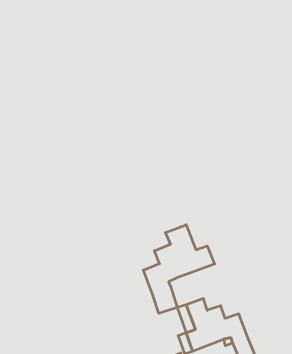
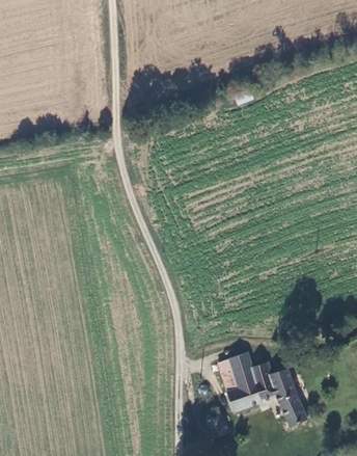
building: [143,225,215,313] -> none

